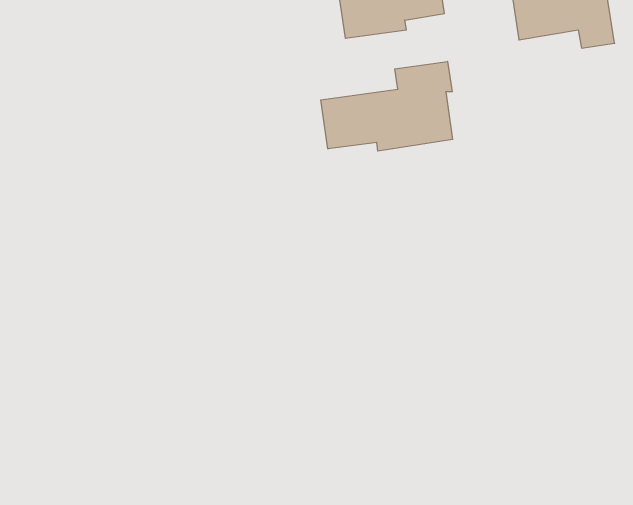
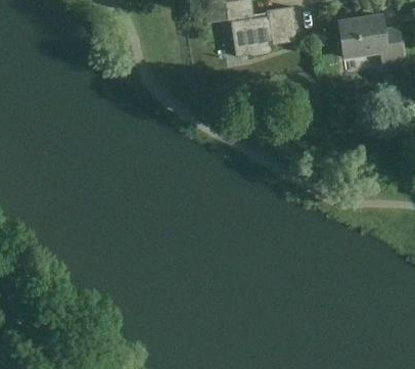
building: [321,61,453,151] -> none

